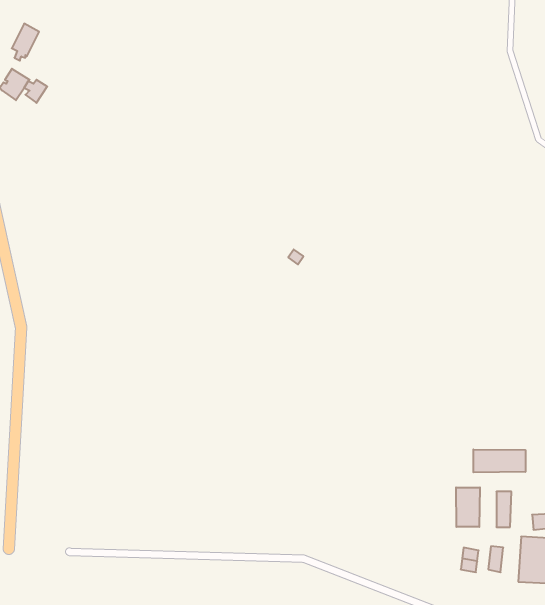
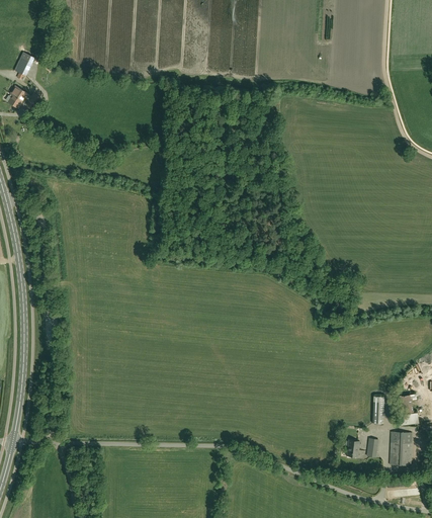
building: [473,449,525,472] -> none
building: [456,487,480,527] -> none

